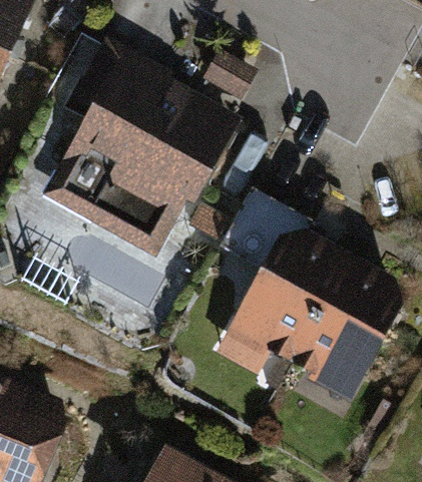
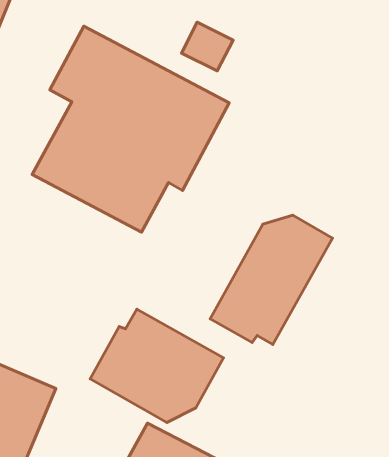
building: [286,260,396,406] -> none
building: none -> [90,309,224,422]

